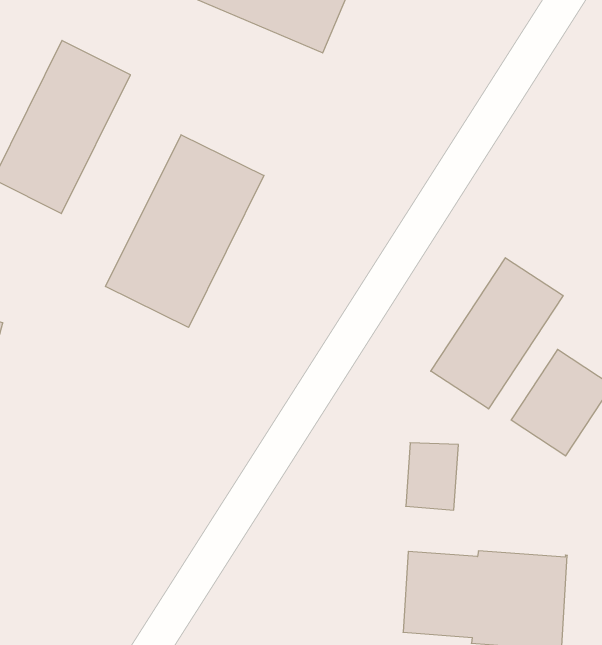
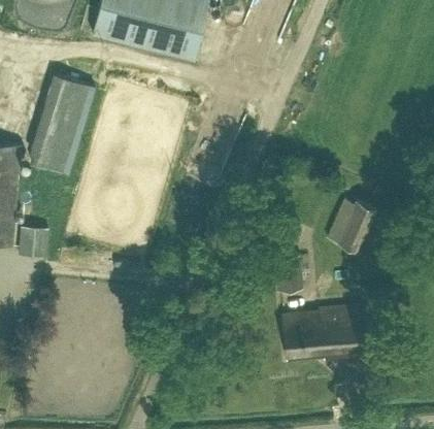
building: [106,135,264,327] -> none
building: [431,258,563,409] -> none

